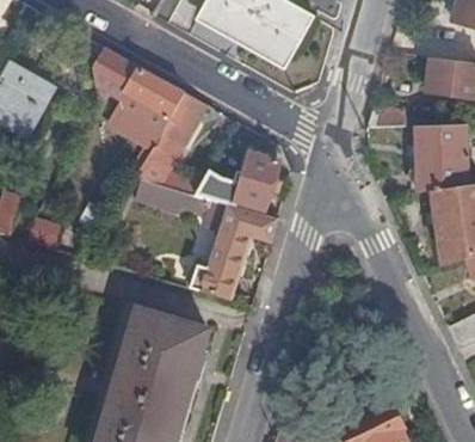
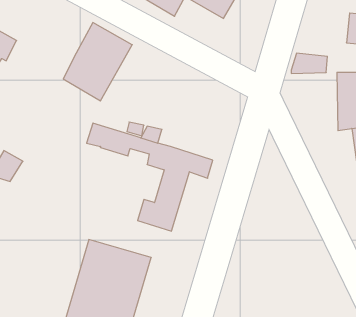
building: [94,48,140,103] -> none
building: [148,93,206,170] -> none
building: [233,154,276,210] -> none

